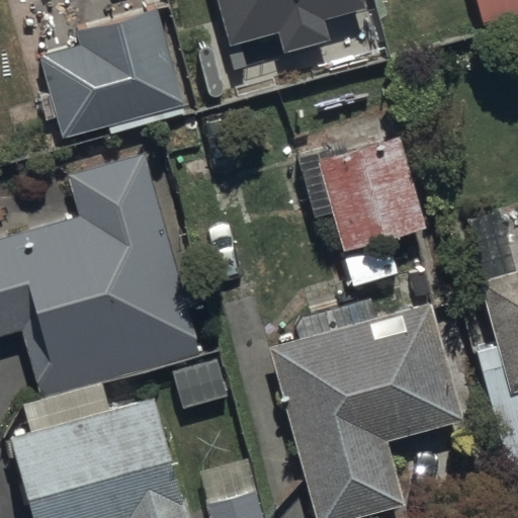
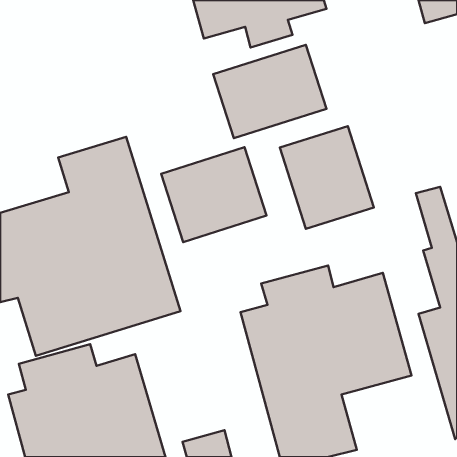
building: [39,4,186,139] -> none
building: none -> [213,45,326,138]
building: none -> [161,147,267,242]

